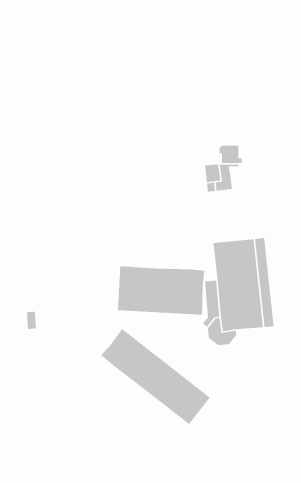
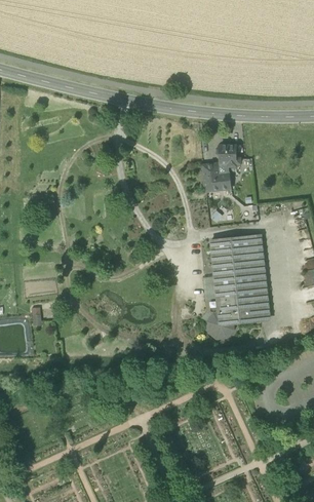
building: [117,266,205,316] -> none
building: [100,328,211,425] -> none

